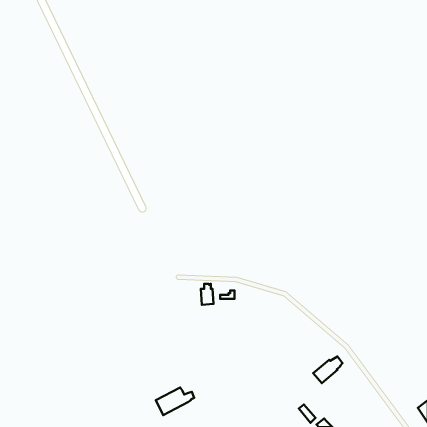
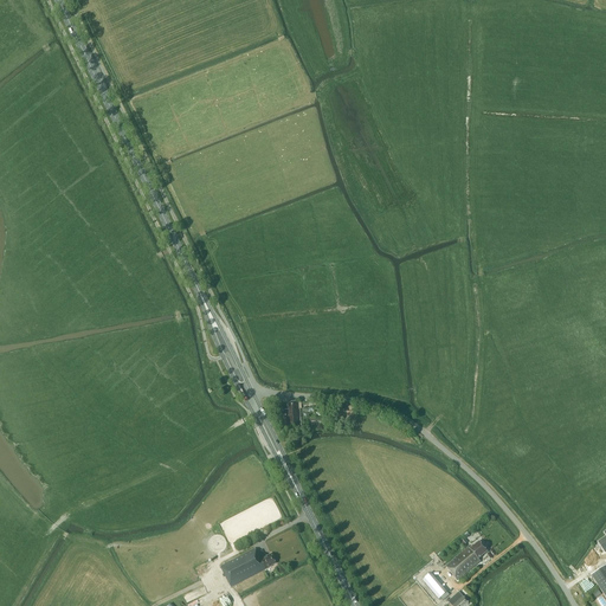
building: [313,356,343,383] -> [446,541,488,579]

